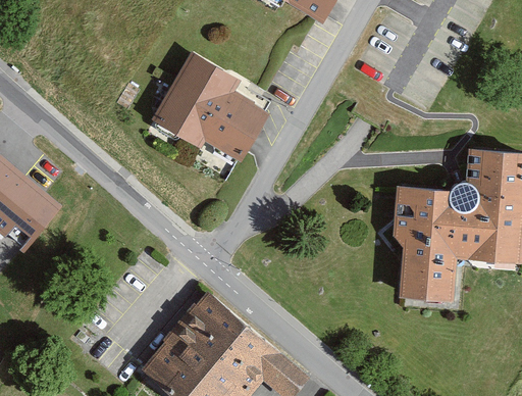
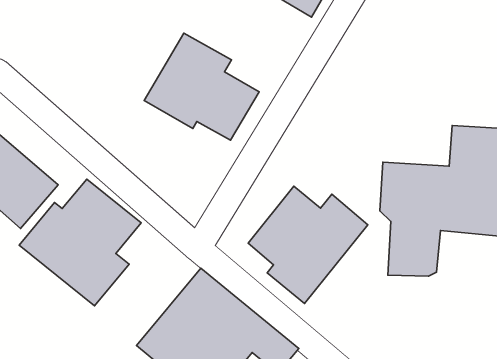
building: none -> [19,179,141,306]
building: none -> [248,186,368,303]

